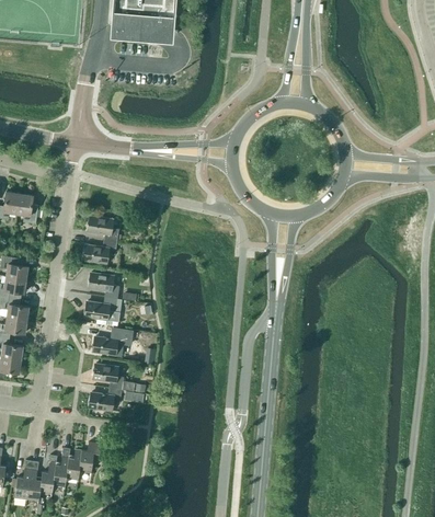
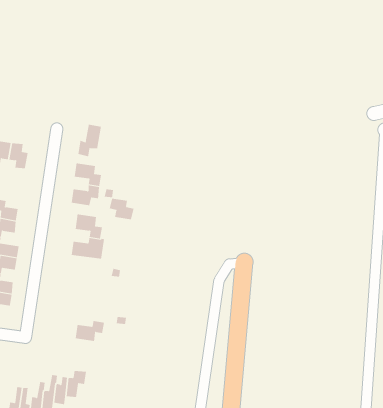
building: none -> [78,124,101,157]
building: none -> [109,198,134,220]
building: [93,332,125,355] -> none
building: [93,364,124,390] -> none

